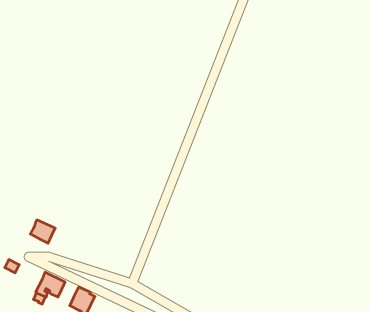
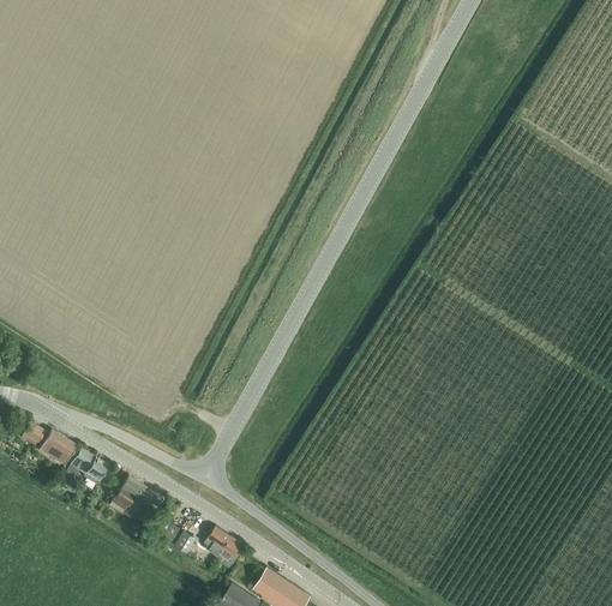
building: [30,220,55,243] -> [40,431,77,467]

